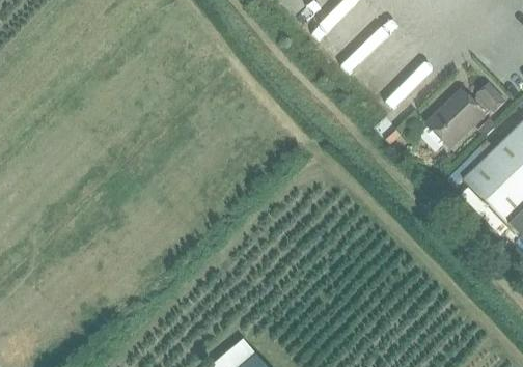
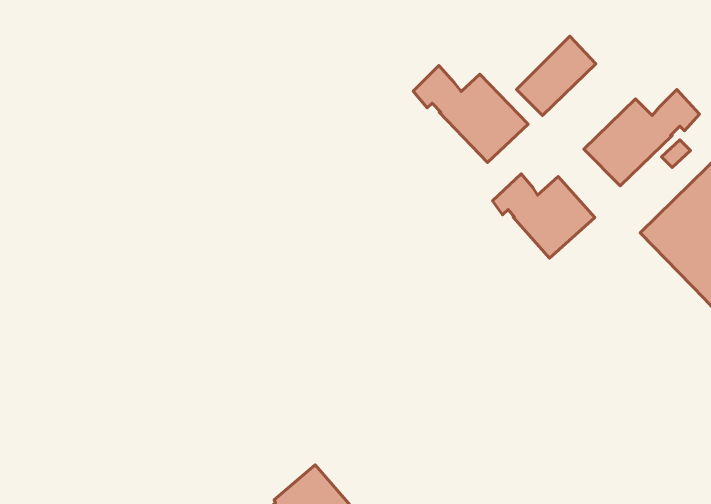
building: none -> [413,66,528,163]
building: none -> [492,174,595,258]

